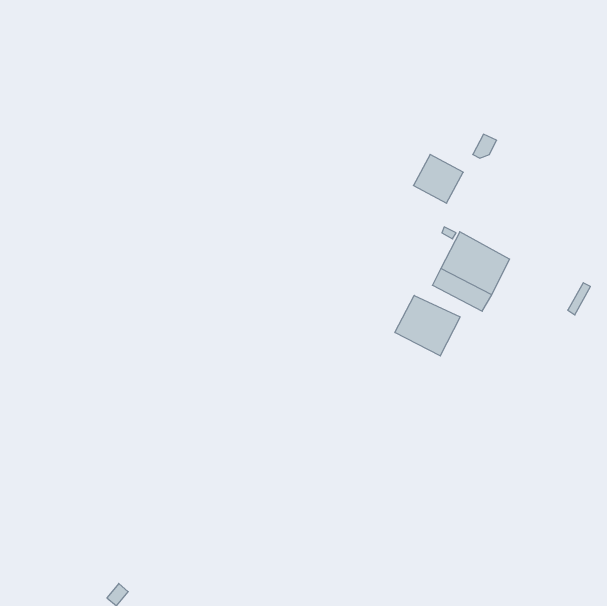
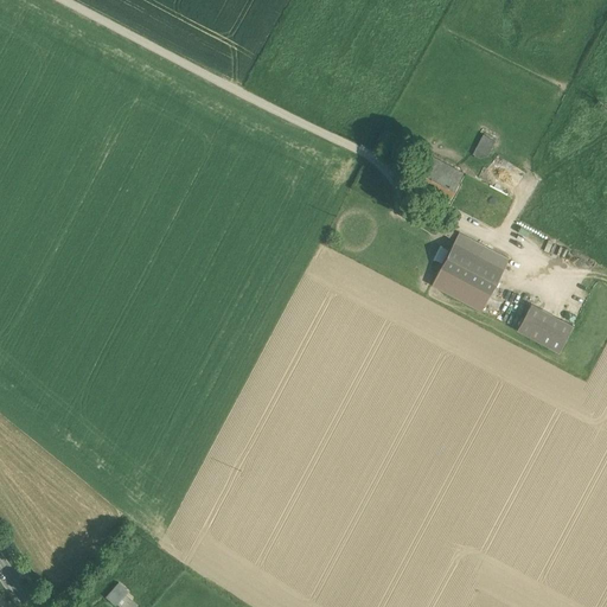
building: [395,295,460,356] -> none
building: none -> [517,304,573,352]

